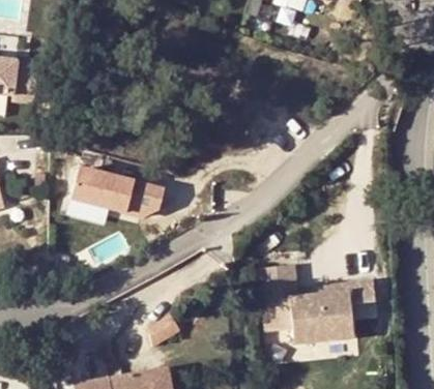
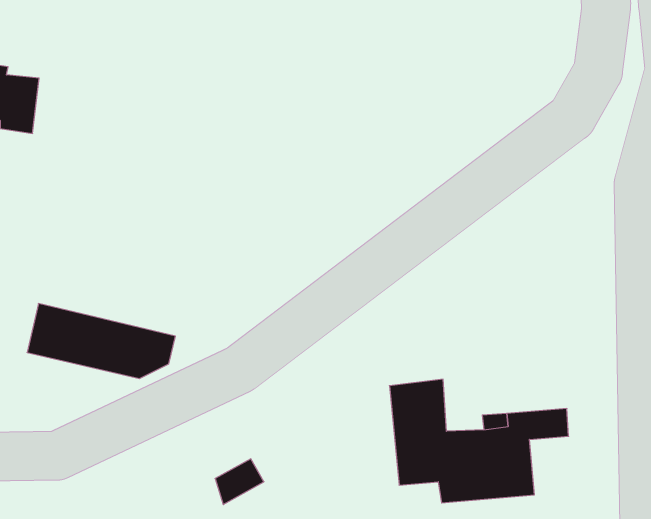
building: [71,172,166,219] -> [27,304,175,379]

